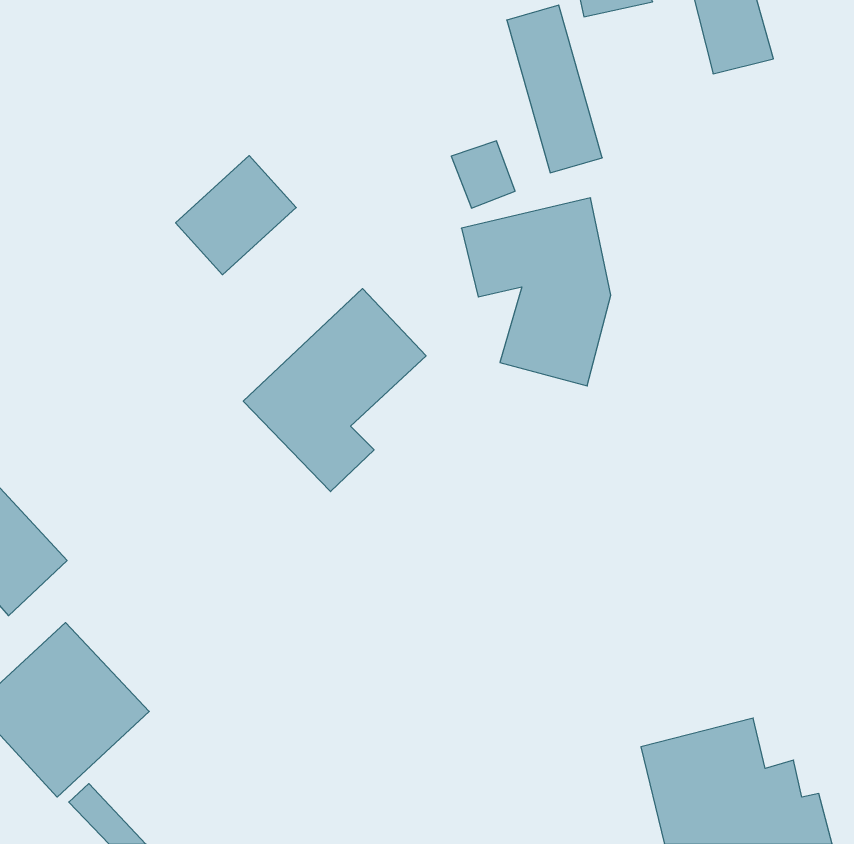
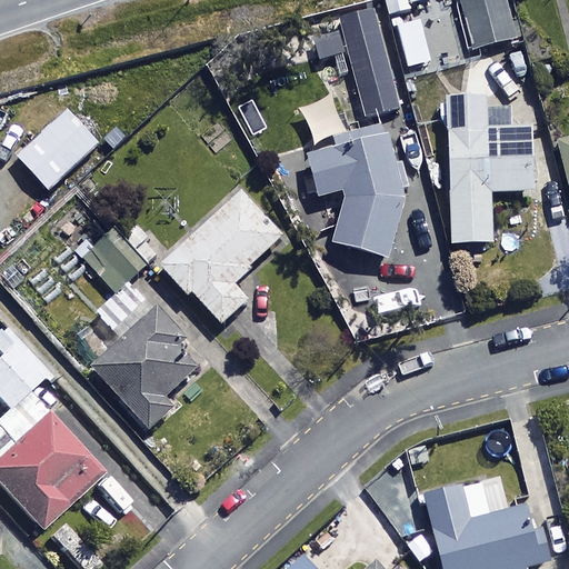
building: none -> [447,94,533,243]
building: [176,156,296,275] -> [17,108,97,187]
building: none -> [81,223,146,288]
building: none -> [89,263,210,429]

